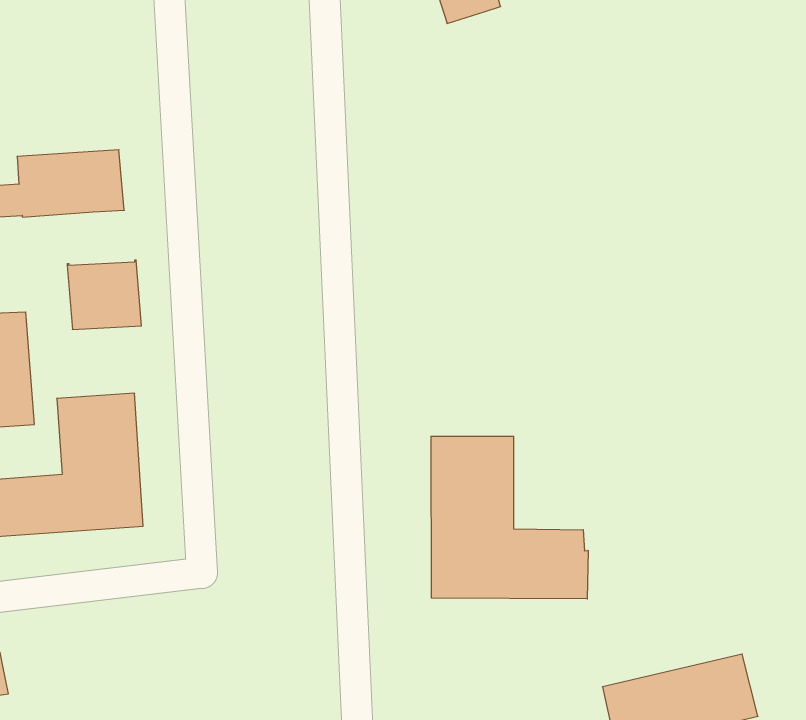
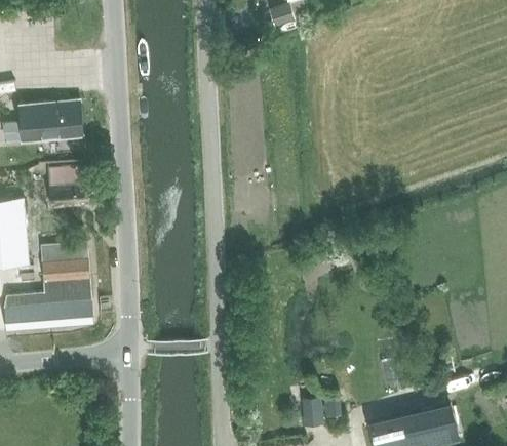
building: [431,436,588,599] -> none
building: none -> [300,398,321,425]

